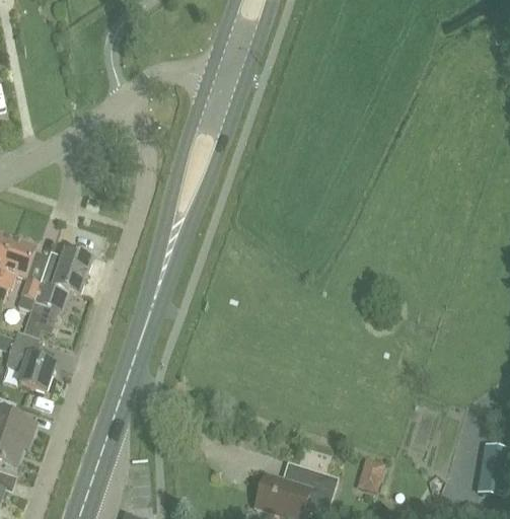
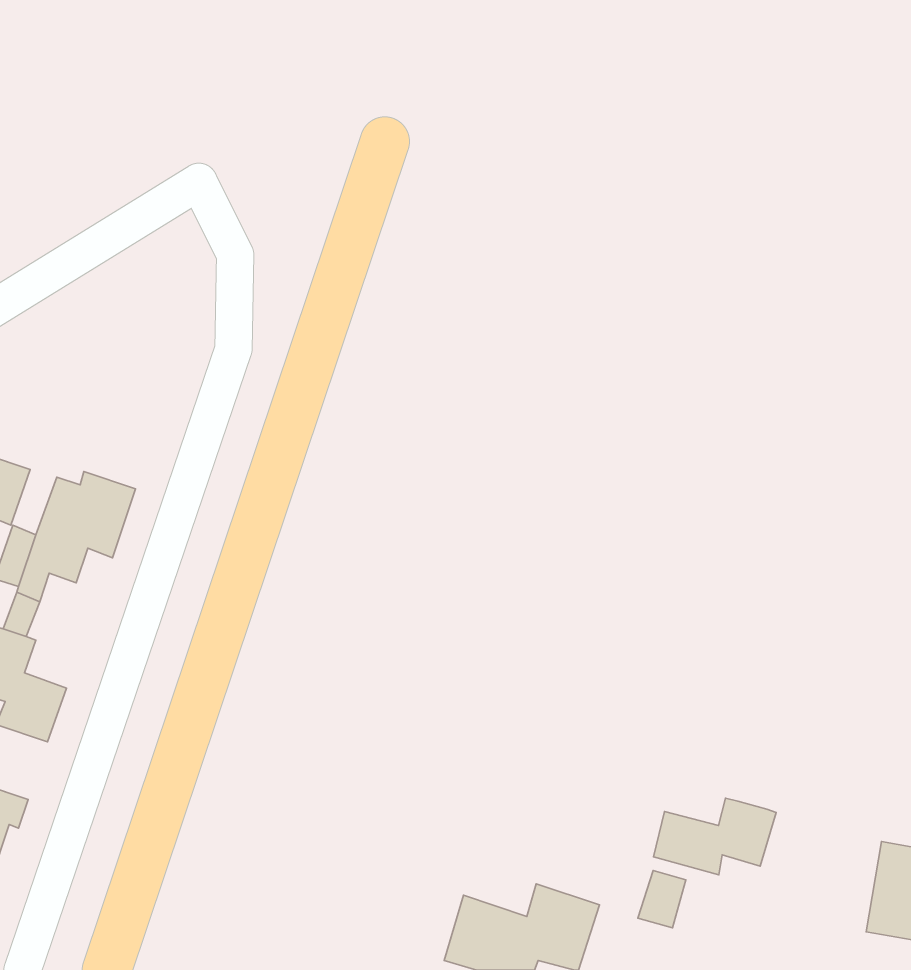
building: none -> [654,798,776,875]

